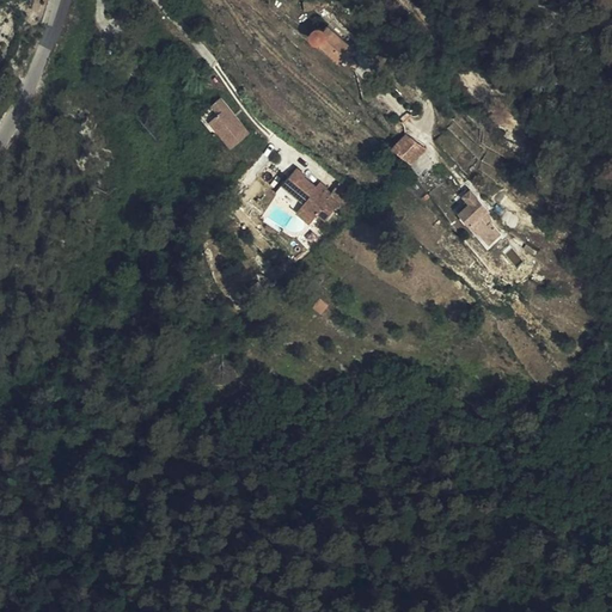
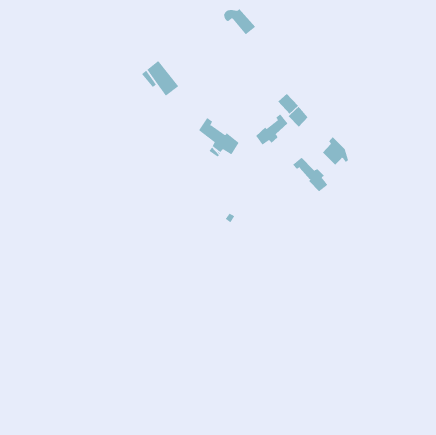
building: none -> [255,113,288,146]
building: none -> [292,157,328,192]

